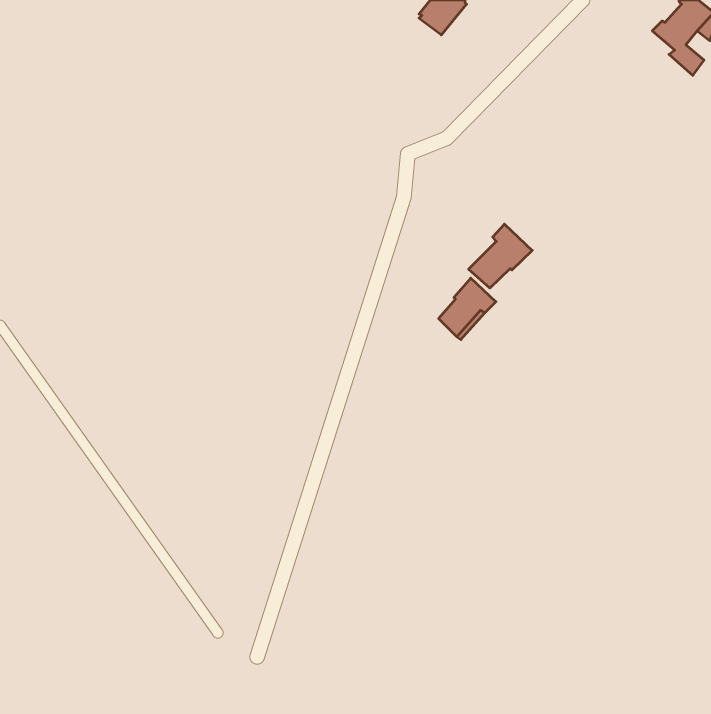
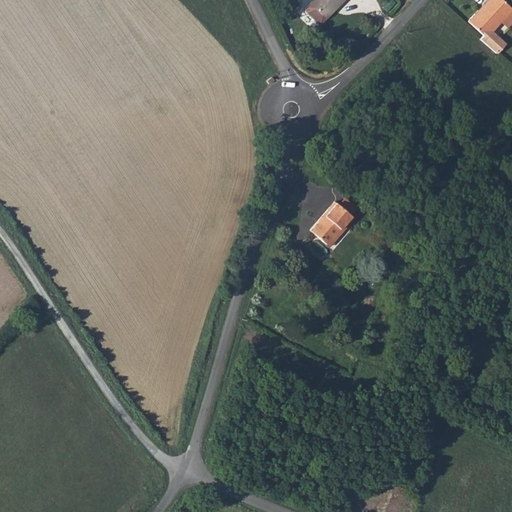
building: [469,224,532,288] -> none

